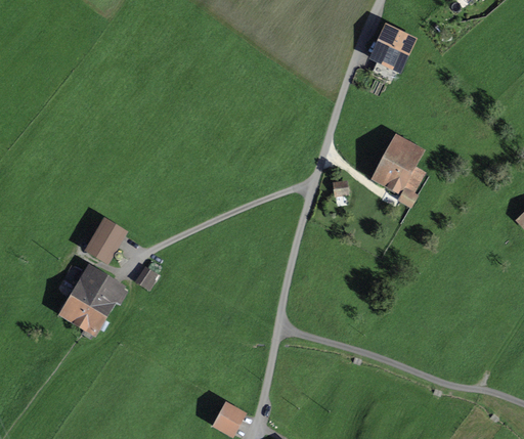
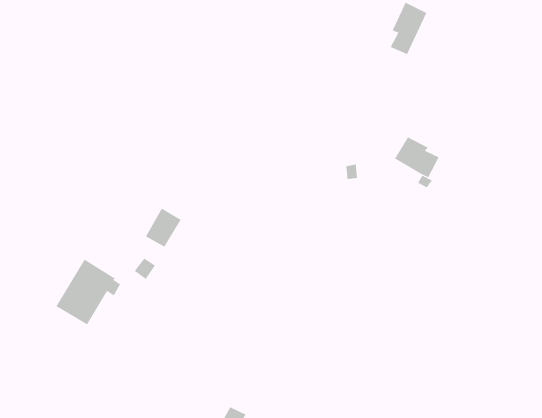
building: [390,135,419,163] -> none
building: [88,219,122,256] -> [145,208,181,247]

